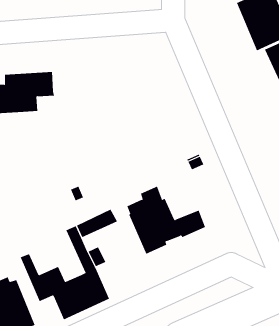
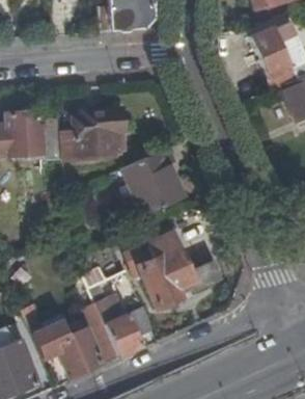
building: none -> [58,108,126,157]
building: none -> [120,149,185,218]
building: none -> [105,307,152,355]

